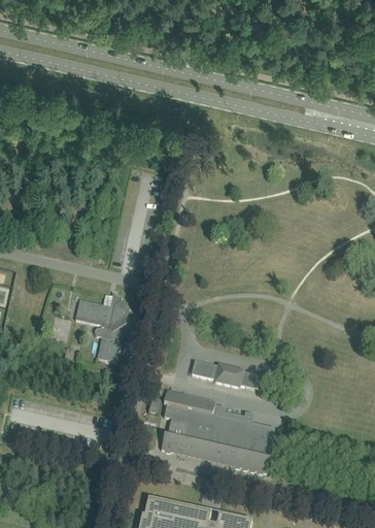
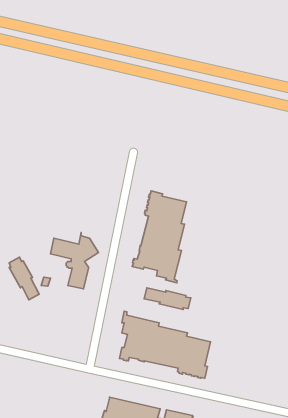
building: none -> [132,191,186,283]
building: none -> [9,257,39,300]

